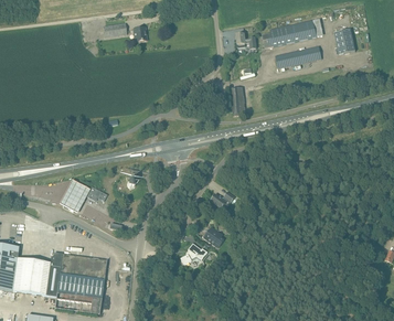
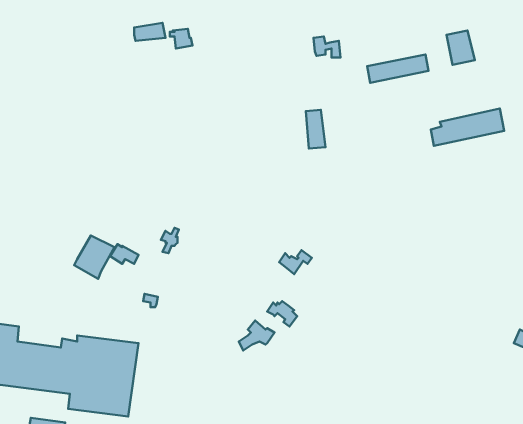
building: [263,19,317,46] -> [431,109,504,146]

